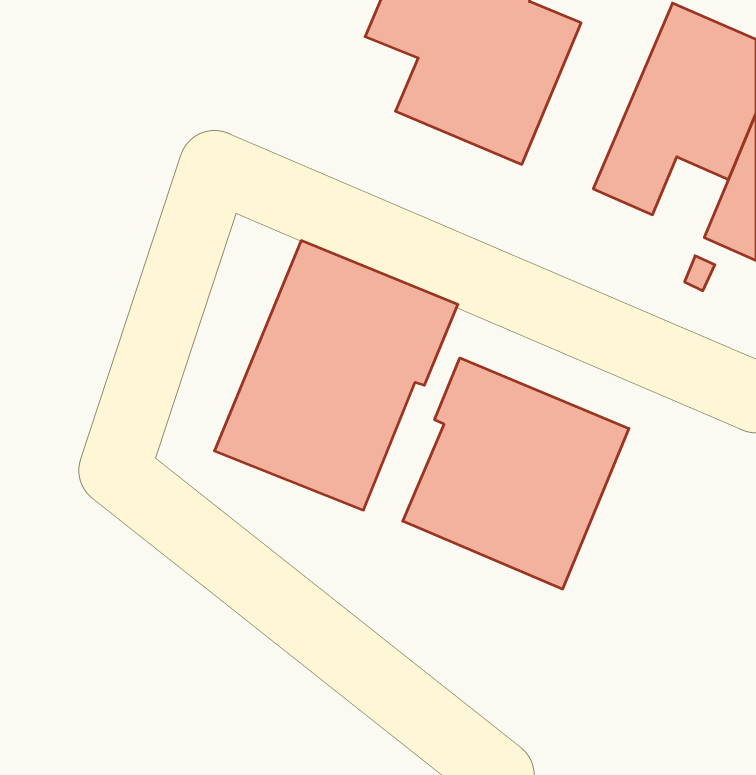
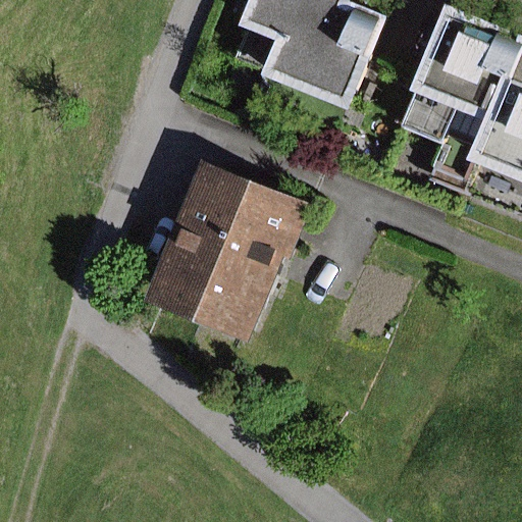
building: [403,358,629,589] -> none

